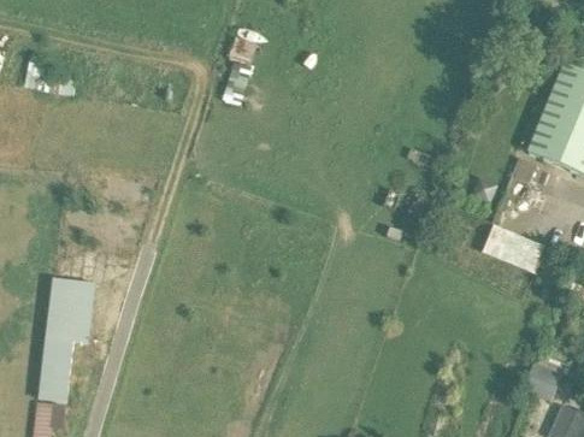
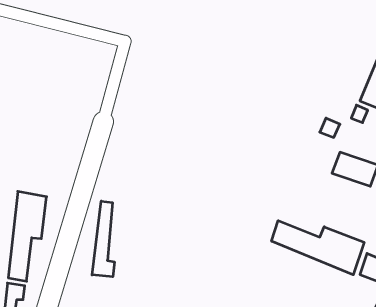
building: none -> [92,201,114,277]
building: none -> [272,221,364,275]

